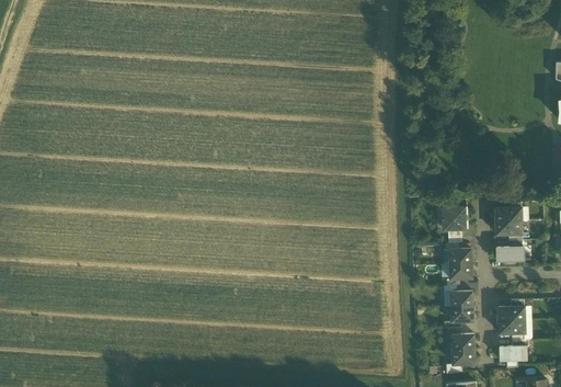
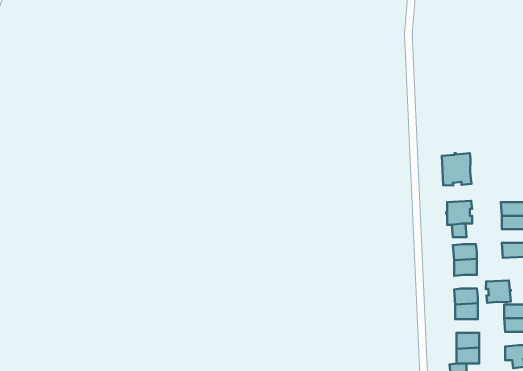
building: none -> [442,153,471,186]
building: none -> [486,281,511,303]

